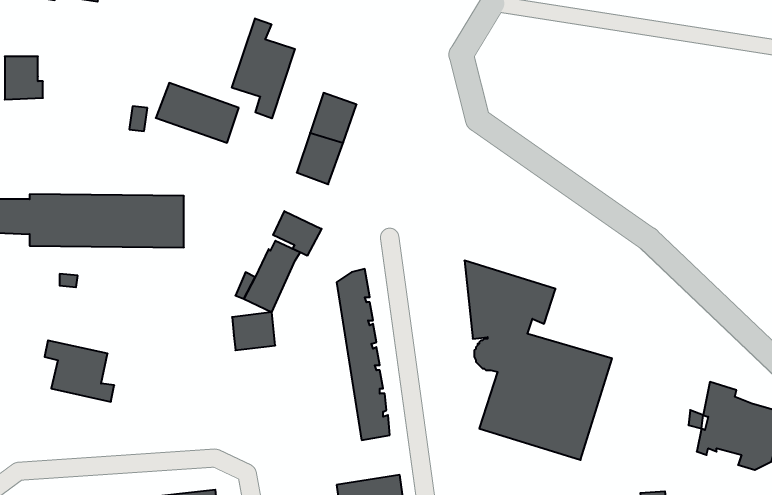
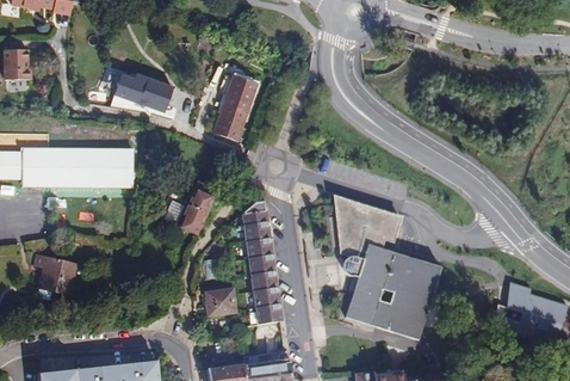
building: [232,18,295,118] -> none
building: [273,211,322,256] -> none
building: [232,312,275,350] -> [205,288,236,315]

